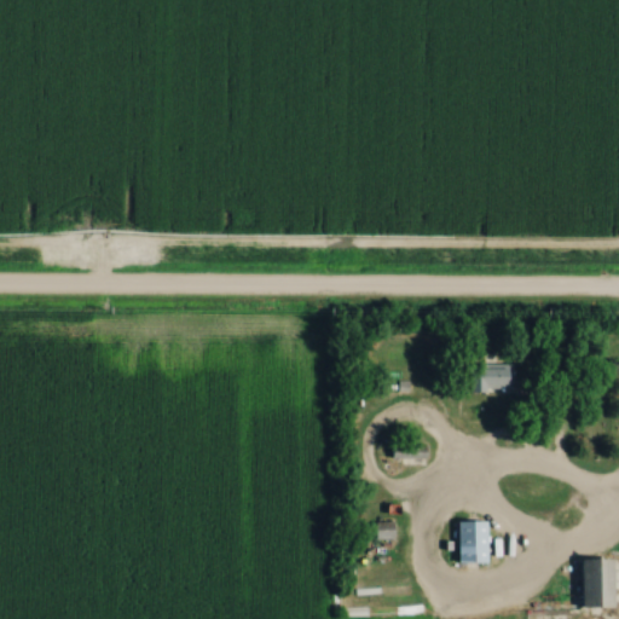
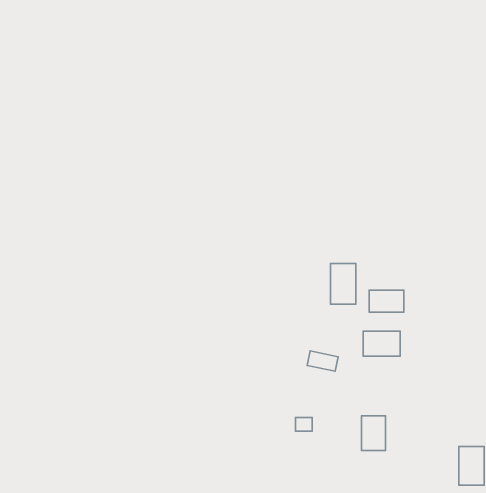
building: none -> [330,264,356,304]
building: none -> [363,331,400,356]

